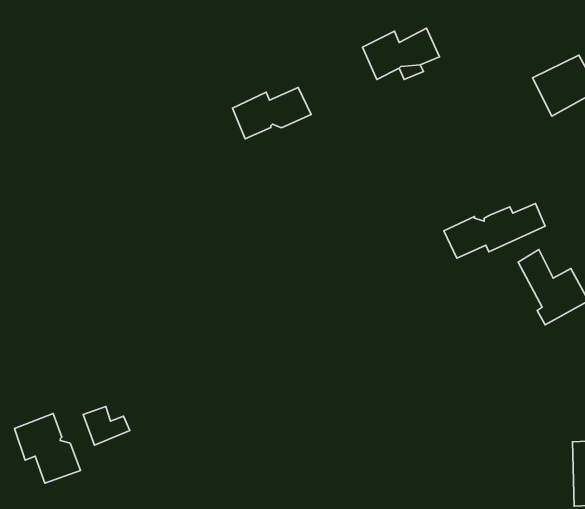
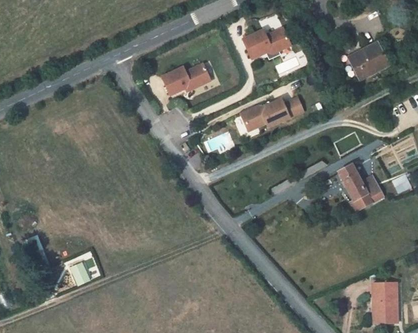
building: [444,204,545,258] -> [240,96,303,130]
building: [15,414,80,483] -> none

